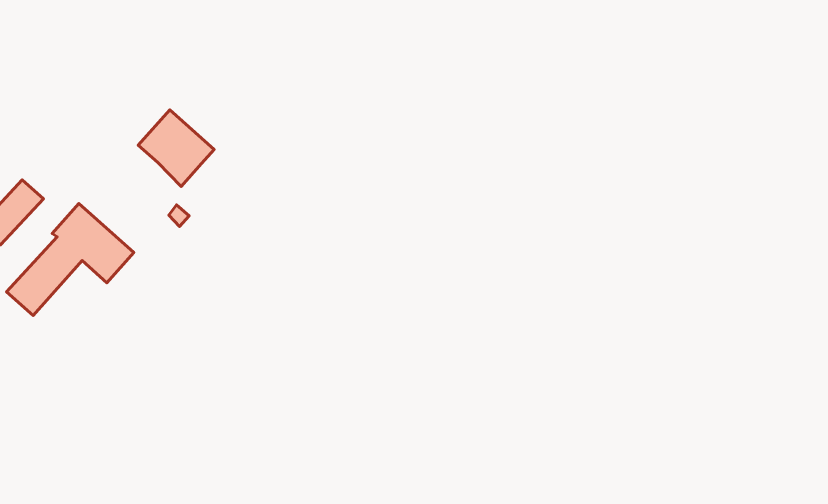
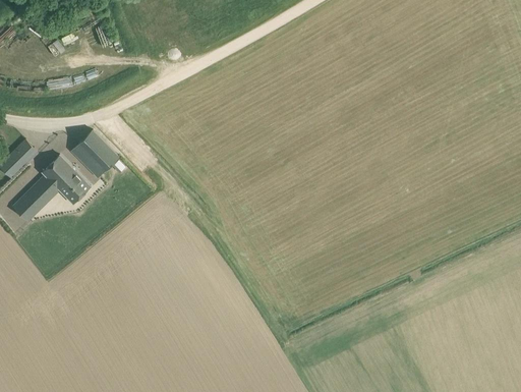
building: [138,110,214,187] -> [70,131,116,178]

